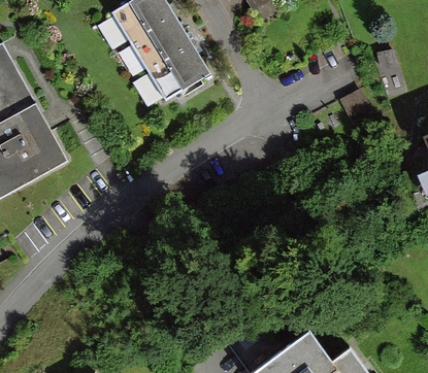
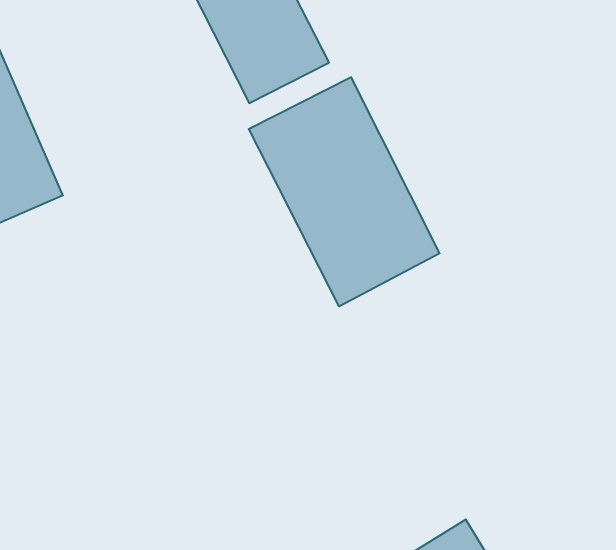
building: none -> [249,77,440,306]

